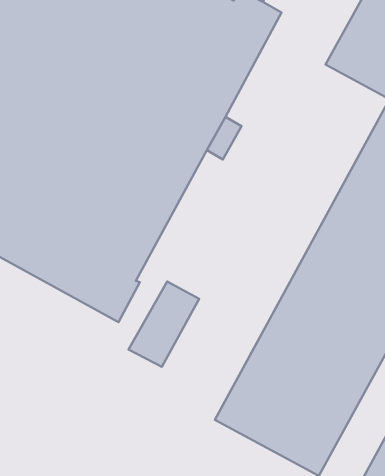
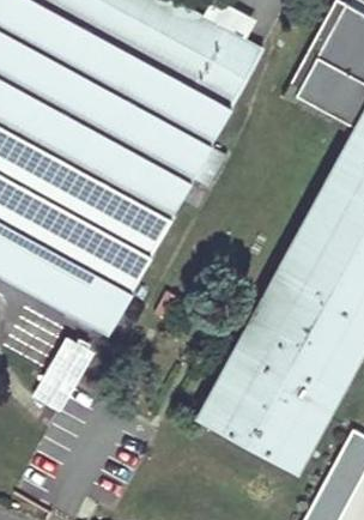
building: [128,281,199,367] -> [30,340,93,417]

